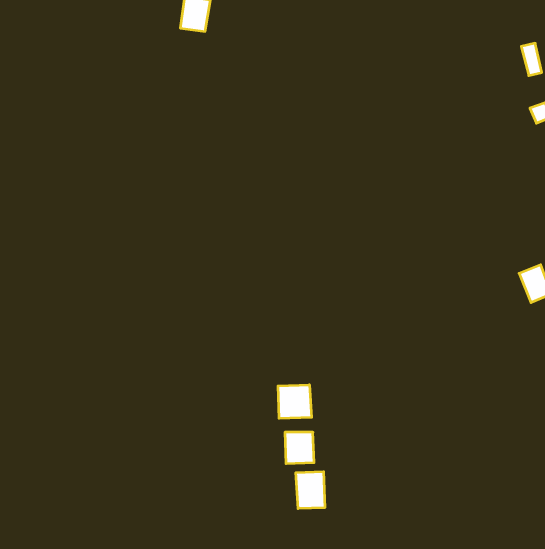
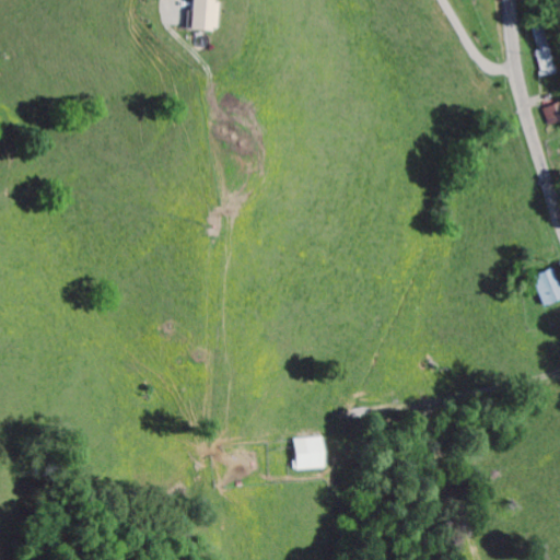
building: [278,385,312,418] -> none
building: [296,472,325,509] -> none

